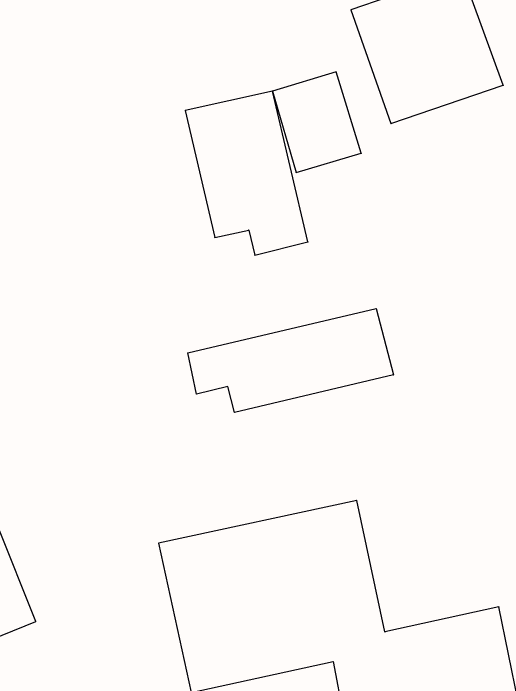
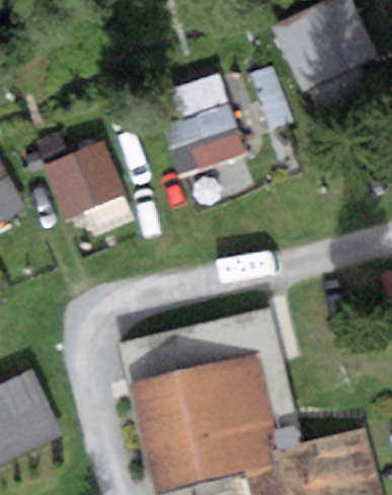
building: none -> [40,141,123,221]
building: [188,309,393,412] -> none

